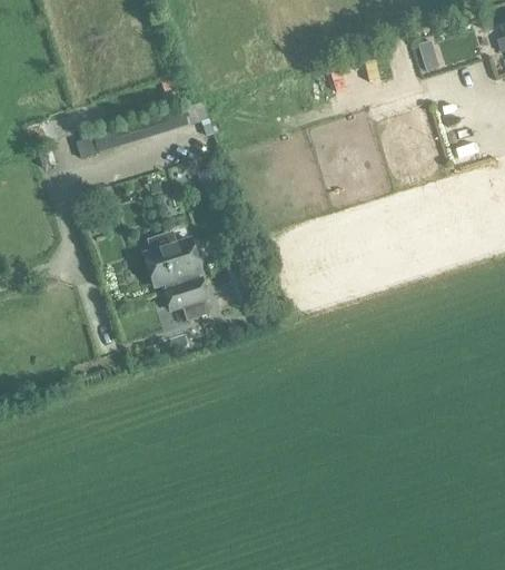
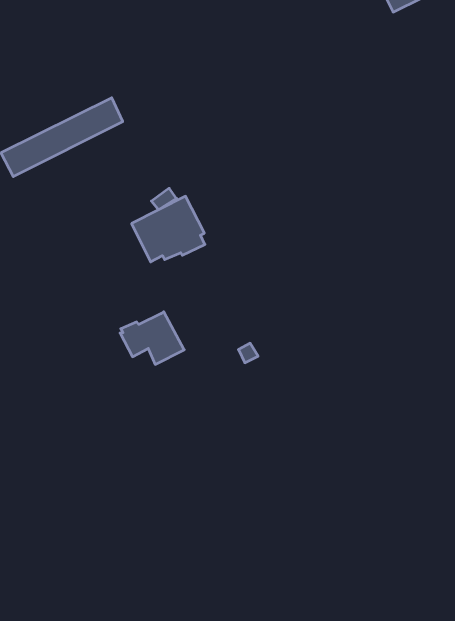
building: [145,237,200,284] -> [132,196,205,262]

